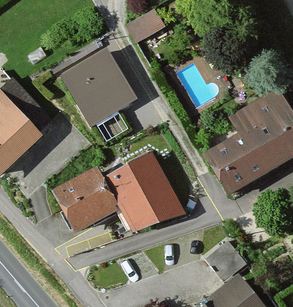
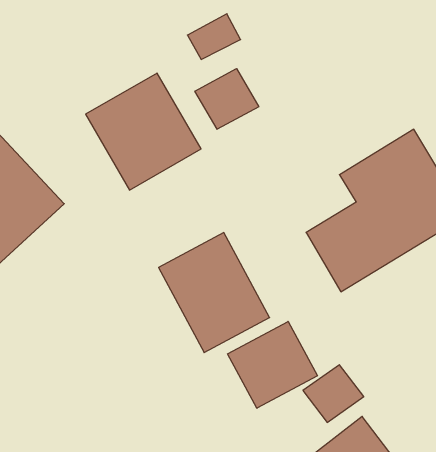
building: none -> [195,69,259,129]
building: [54,167,121,232] -> none
building: none -> [228,321,317,408]

